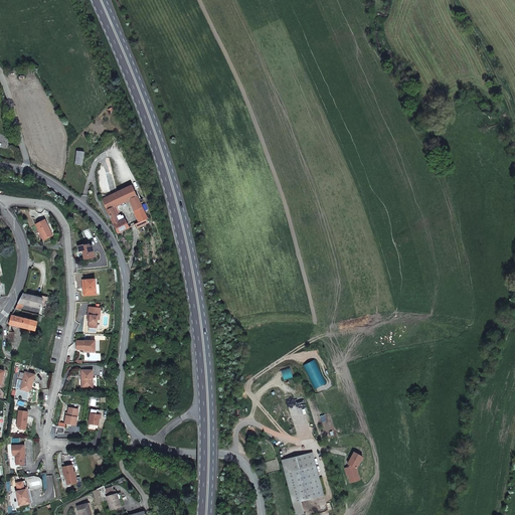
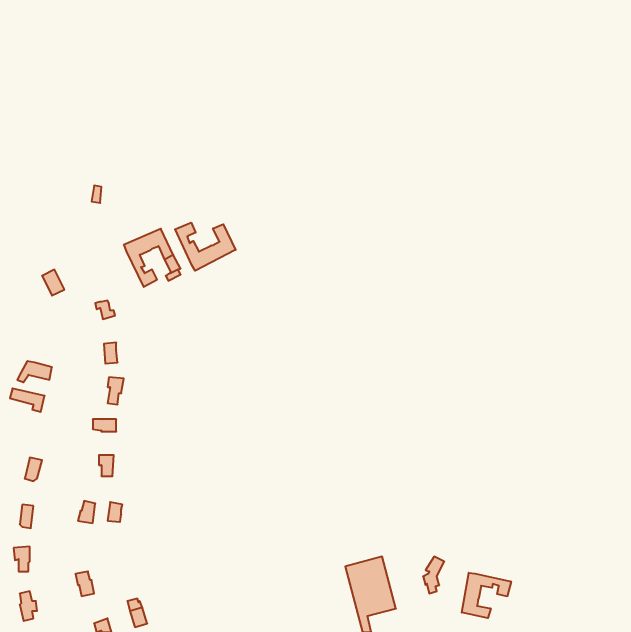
building: none -> [175,223,236,271]
building: none -> [462,573,511,618]

